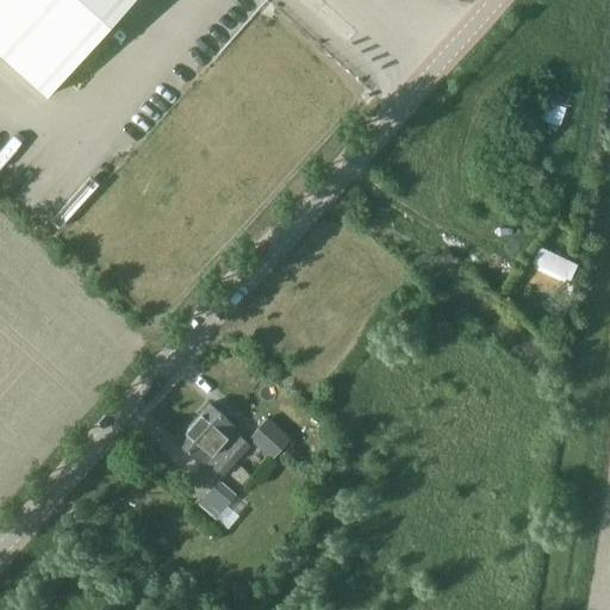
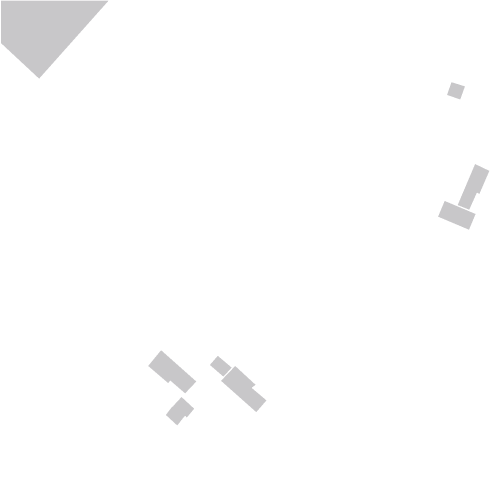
building: none -> [457,163,490,211]
building: [195,405,253,463] -> [220,365,267,413]

